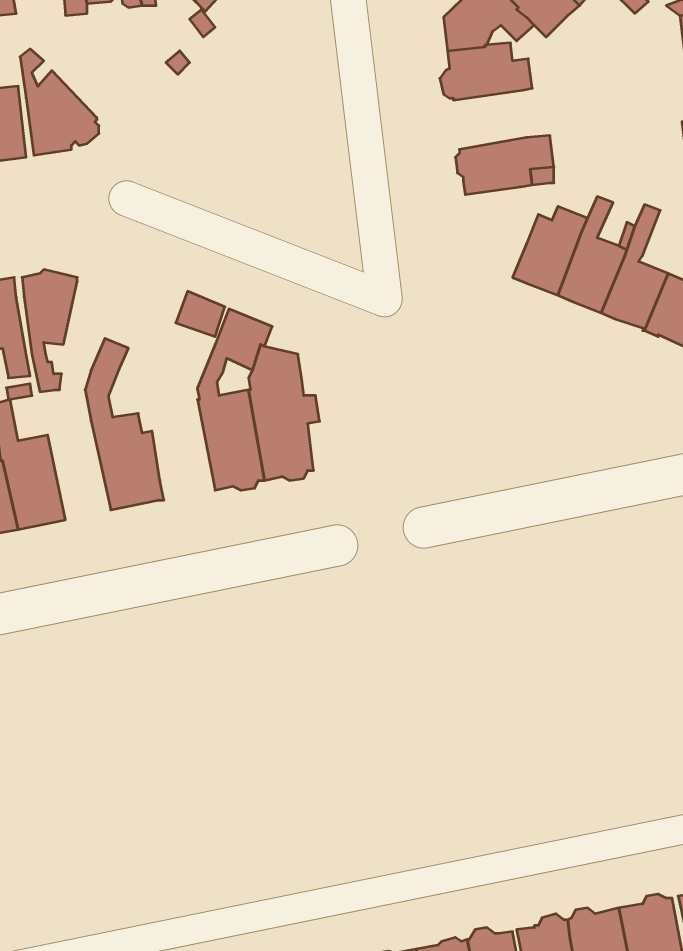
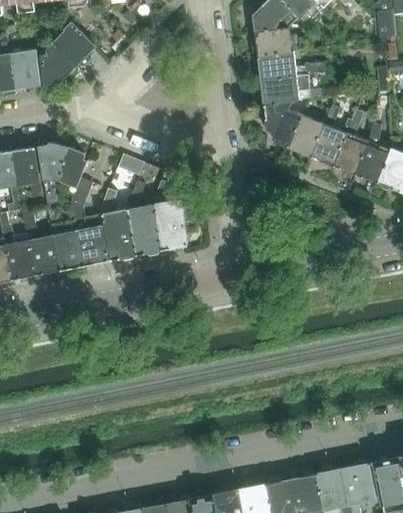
building: none -> [53,15,95,66]
building: none -> [258,51,327,81]
building: none -> [264,100,301,147]
building: none -> [59,148,87,194]
building: none -> [100,189,137,260]
building: none -> [47,204,83,270]

